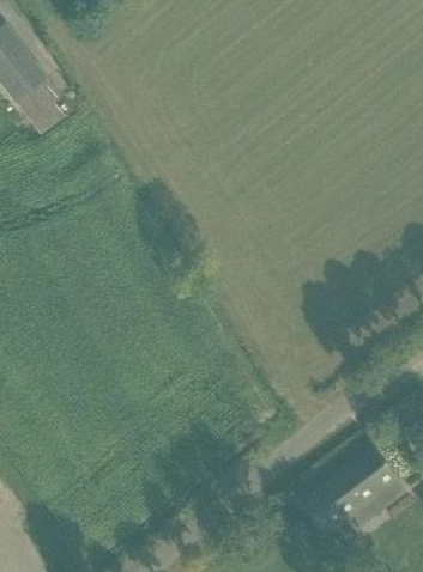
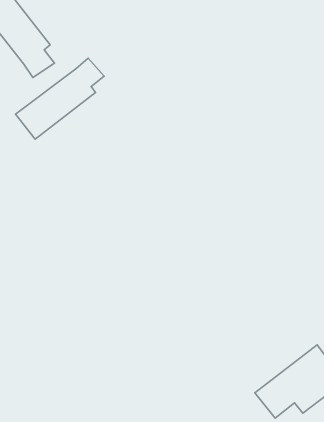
building: none -> [16,58,104,139]

